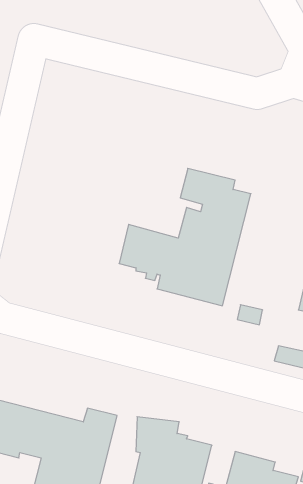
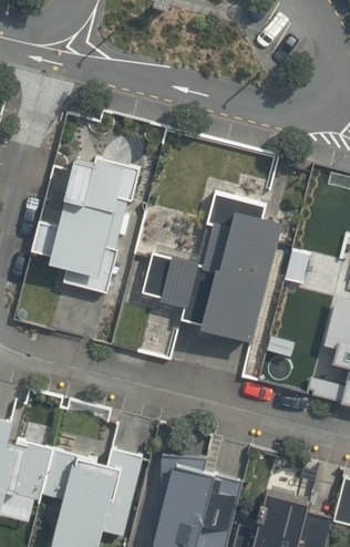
building: none -> [32,151,140,297]

